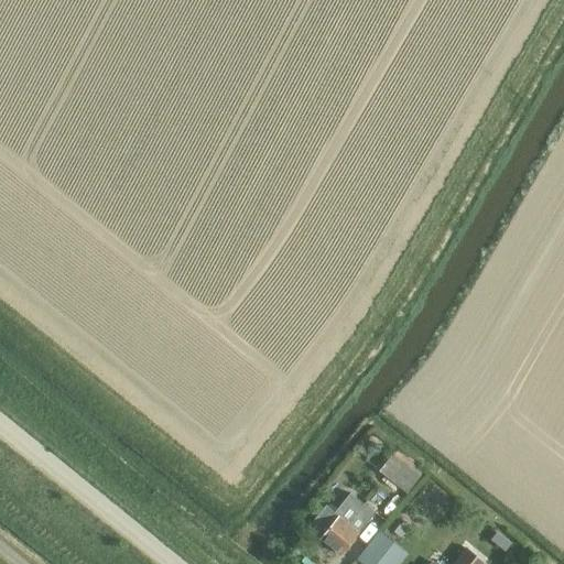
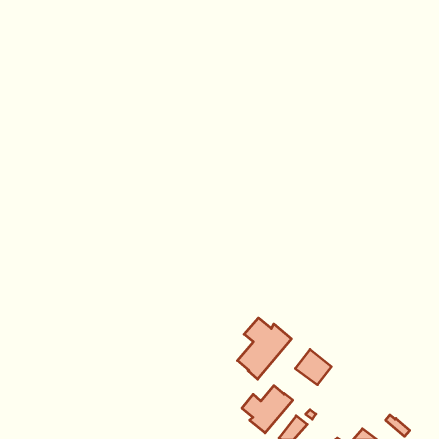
building: none -> [237,318,291,379]

